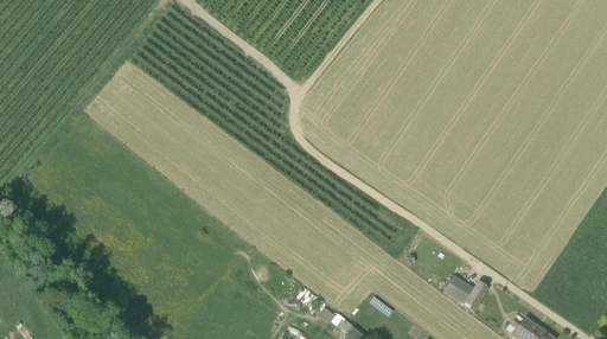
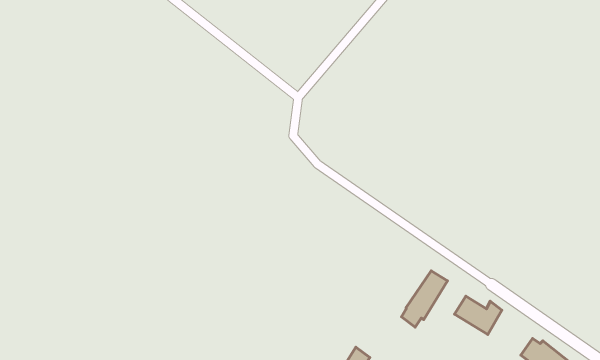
building: none -> [401,271,448,327]

